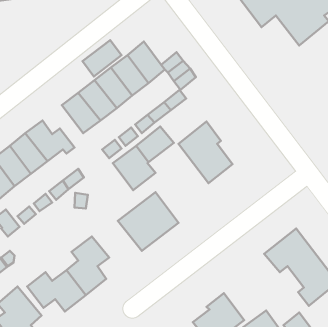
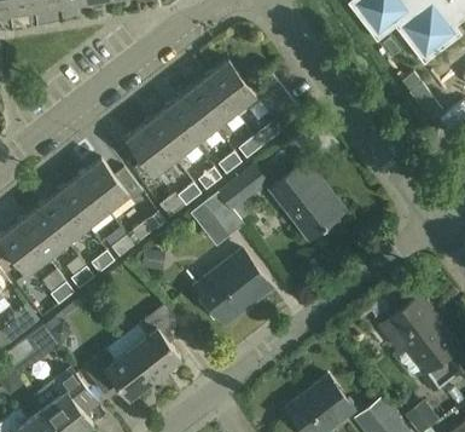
building: [82,40,122,76] -> none

